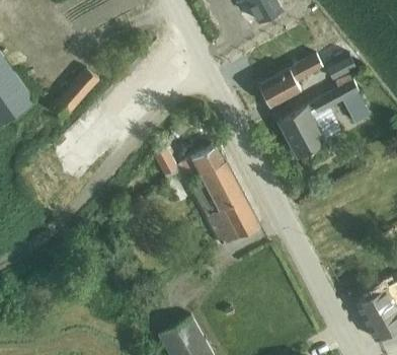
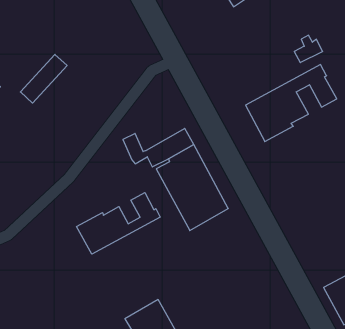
building: [251,56,323,108] -> none
building: none -> [77,193,160,254]

